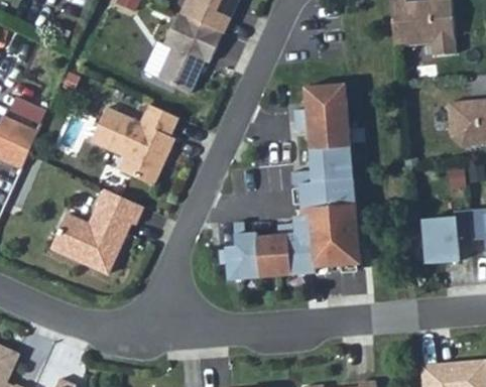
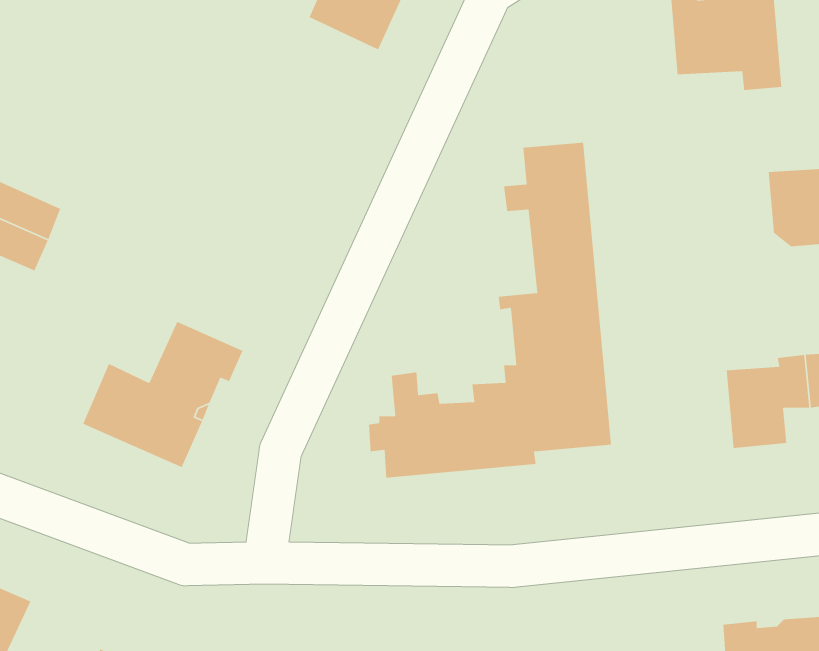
building: [158,13,223,94] -> none
building: [93,104,179,184] -> none

